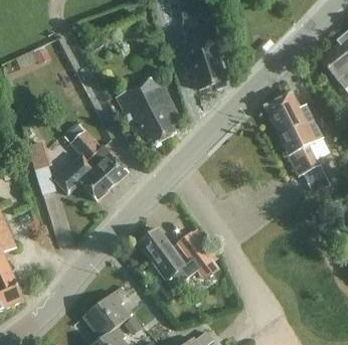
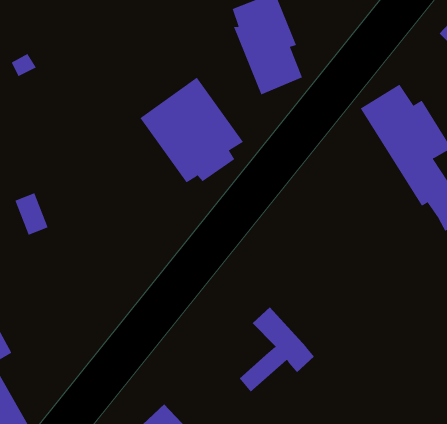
building: [55,131,128,200] -> none
building: [137,227,184,279] -> none

